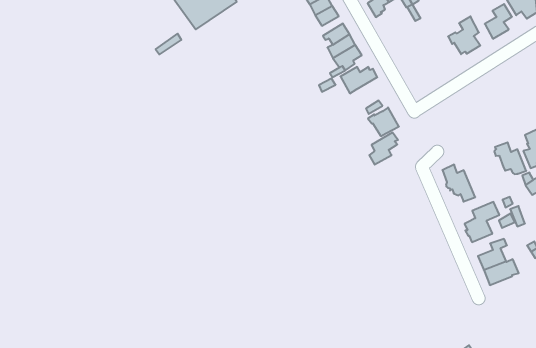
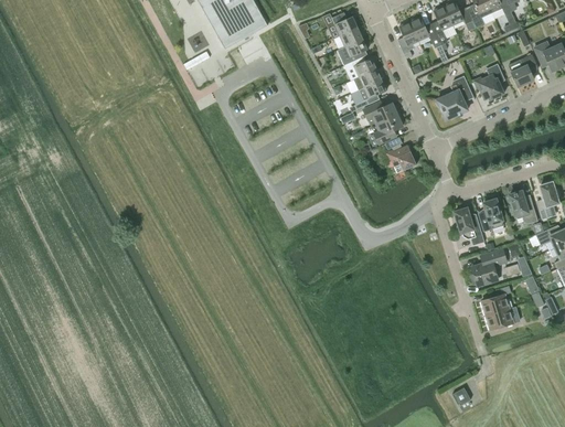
building: none -> [436,75,473,119]
building: [369,133,398,165] -> [374,114,404,143]
building: none -> [478,199,504,232]

